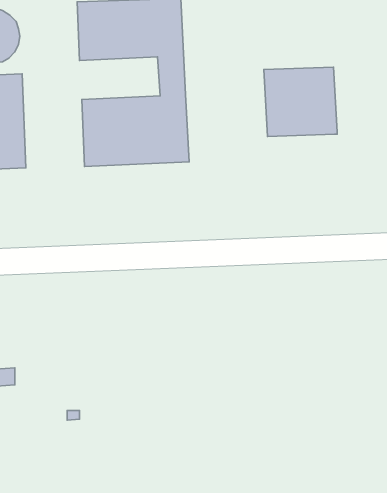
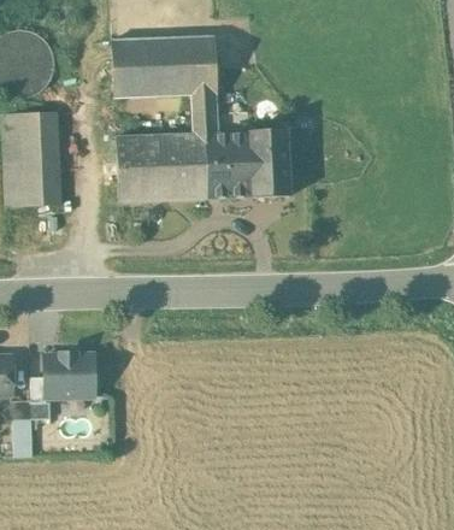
building: [264,67,337,137] -> [218,129,290,198]
building: none -> [45,353,98,395]

